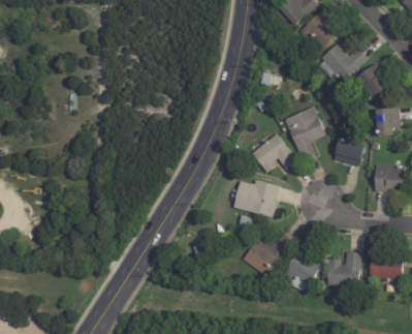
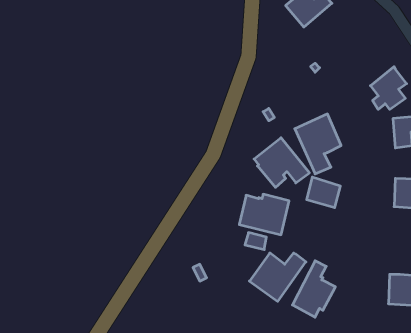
building: [298,9,341,47] -> none
building: [318,43,368,83] -> none
building: [334,138,365,165] -> [307,177,340,208]
building: [326,252,360,285] -> none

